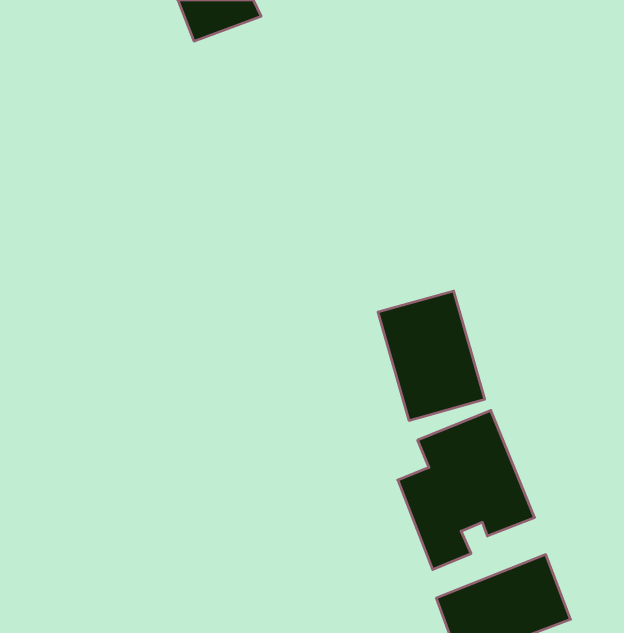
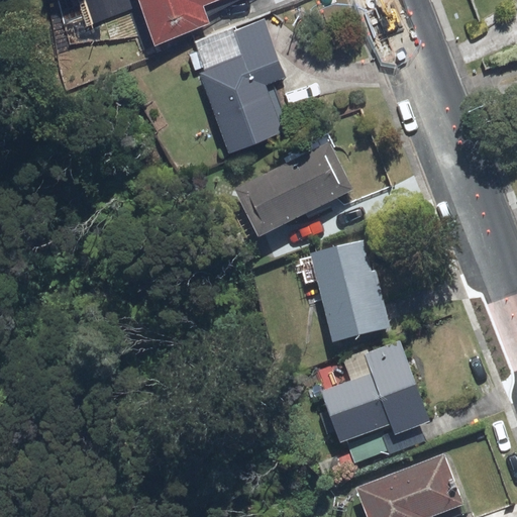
building: none -> [194,18,284,144]
building: none -> [232,146,343,239]

